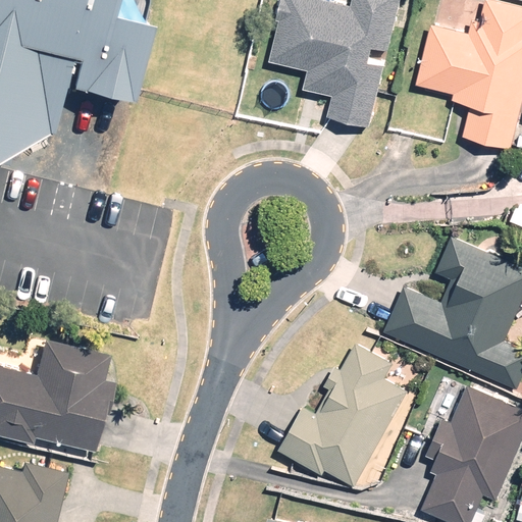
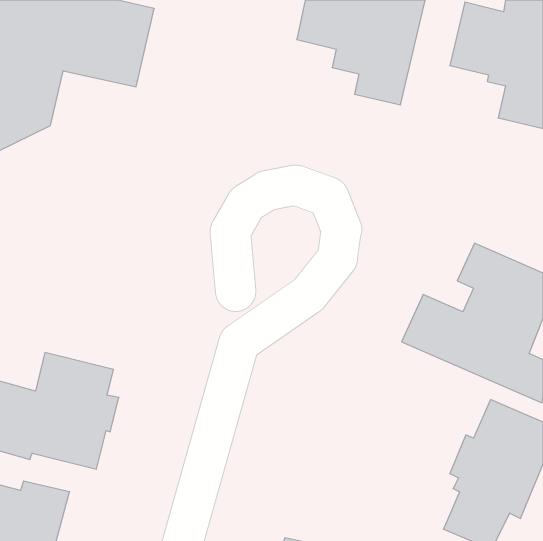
building: [279,345,406,486] -> none

